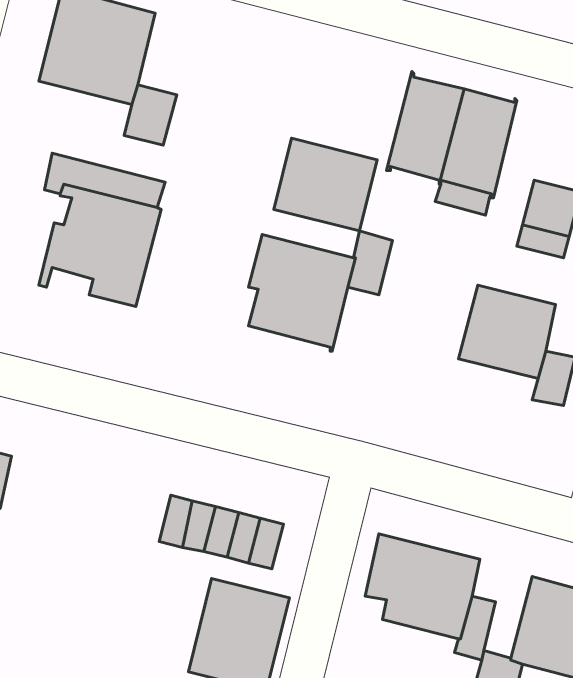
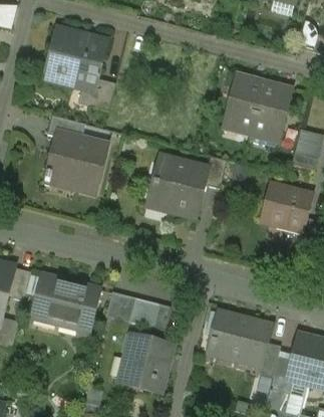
building: [274,138,377,231] -> none
building: none -> [33,274,98,330]

